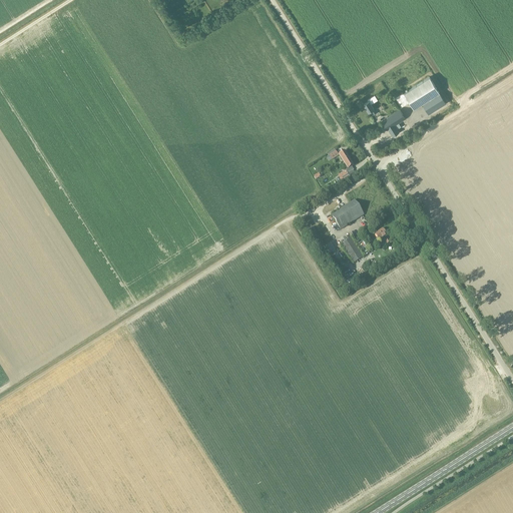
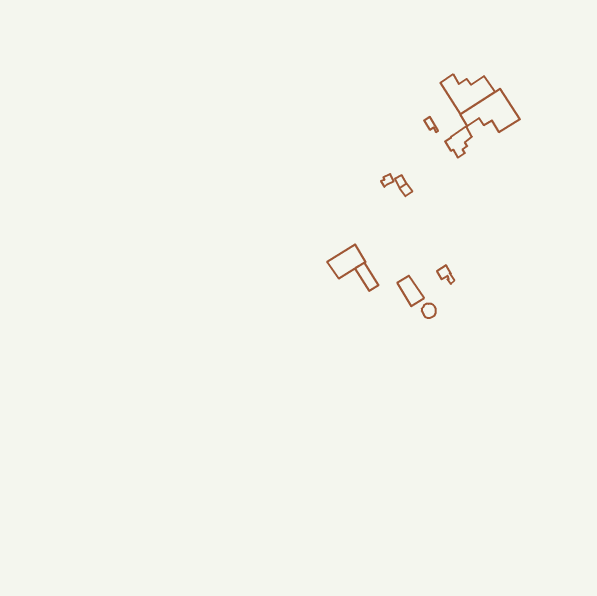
building: none -> [440,74,495,114]
building: [331,199,364,228] -> [327,244,366,278]

